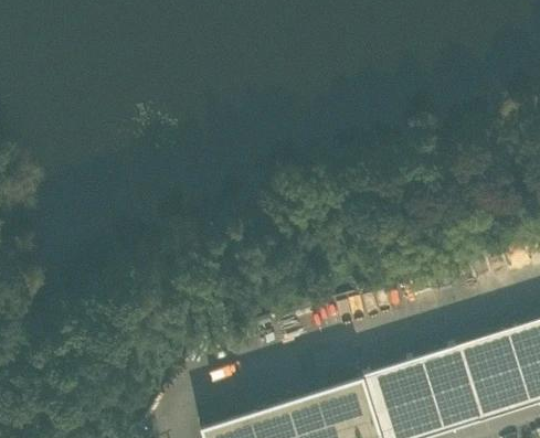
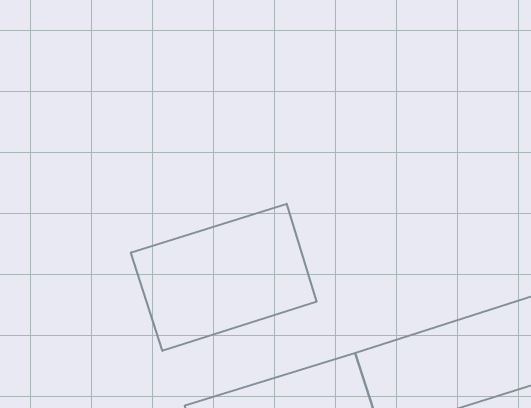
building: none -> [131,204,317,351]

